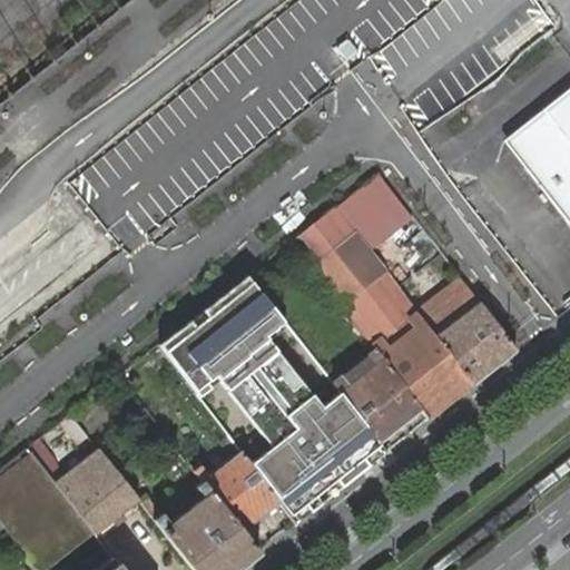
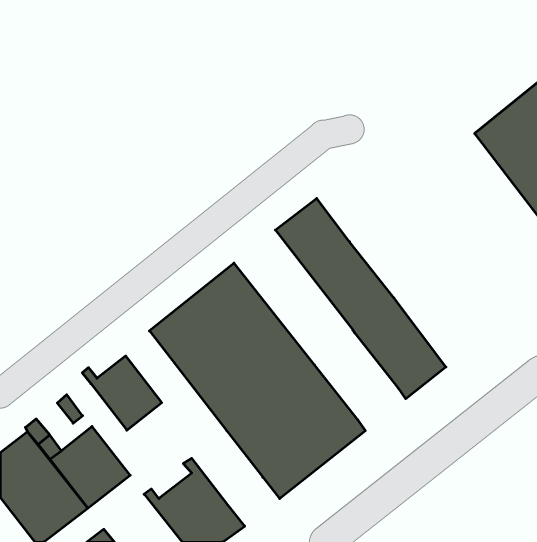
building: [337,174,415,254] -> none
building: [419,278,517,385] -> none
building: [335,350,423,441] -> none
building: [197,452,281,530] -> [82,356,162,430]

